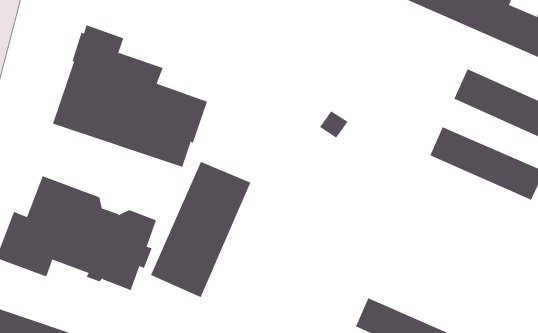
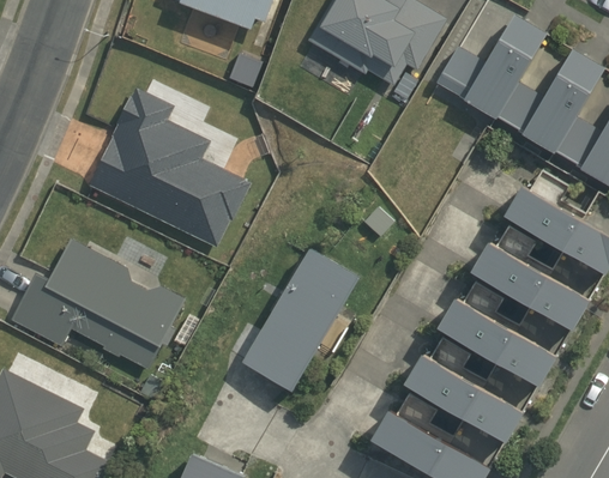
building: [150,161,251,298] -> [245,247,362,389]
building: none -> [441,295,559,385]
building: none -> [409,350,526,441]

